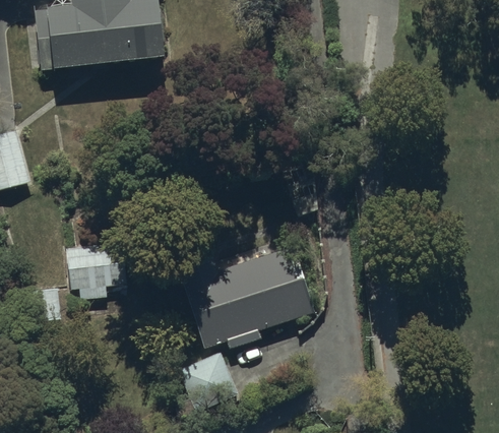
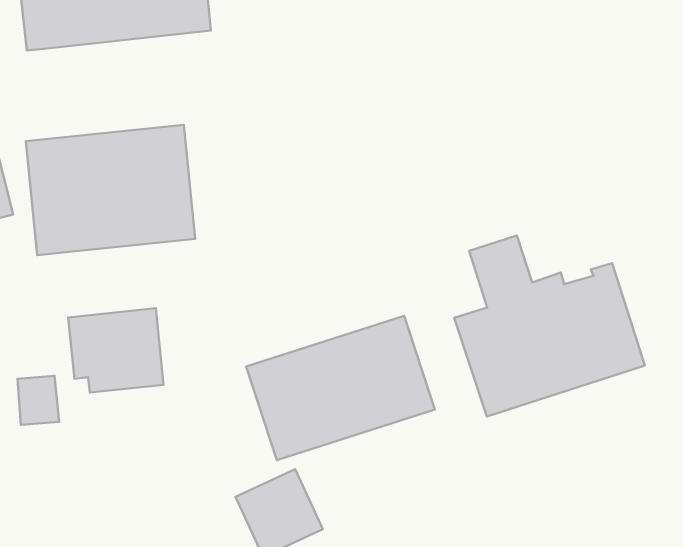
building: none -> [26,125,195,255]
building: none -> [454,236,645,416]

